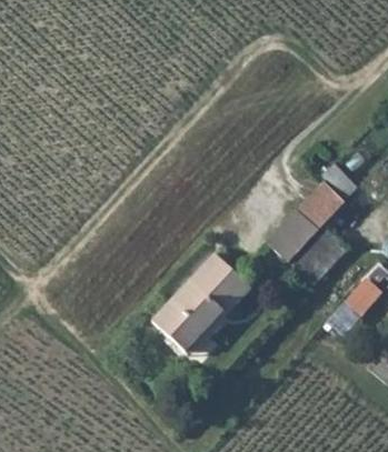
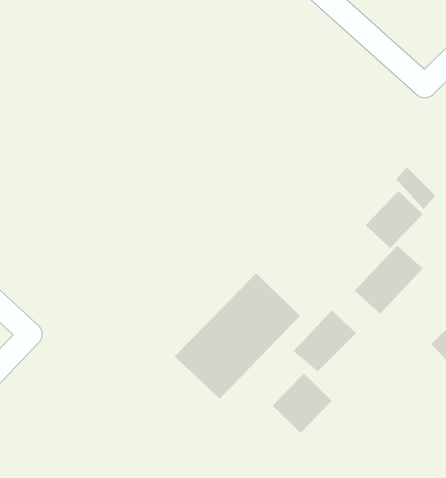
building: [268,213,319,263] -> [293,309,357,372]
building: none -> [272,373,332,434]

